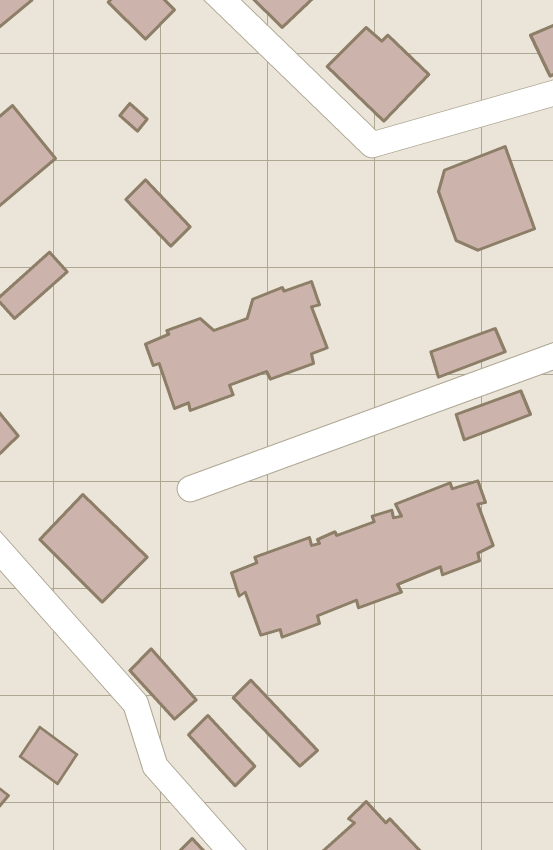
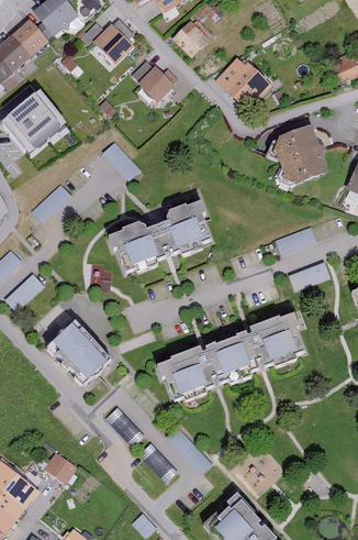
building: none -> [136,68,170,102]

